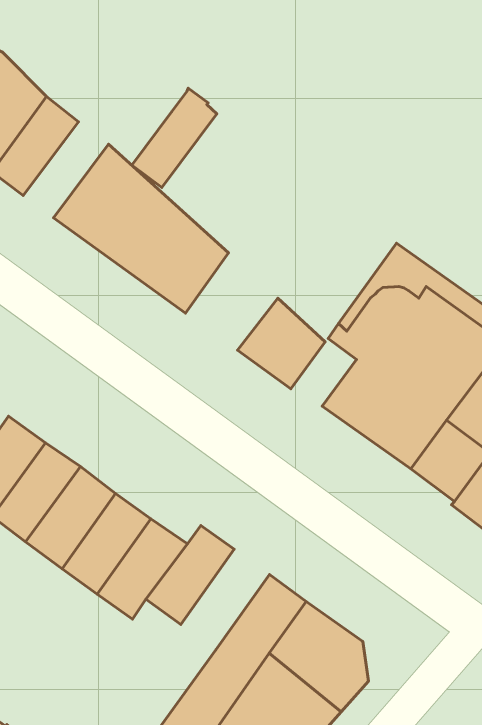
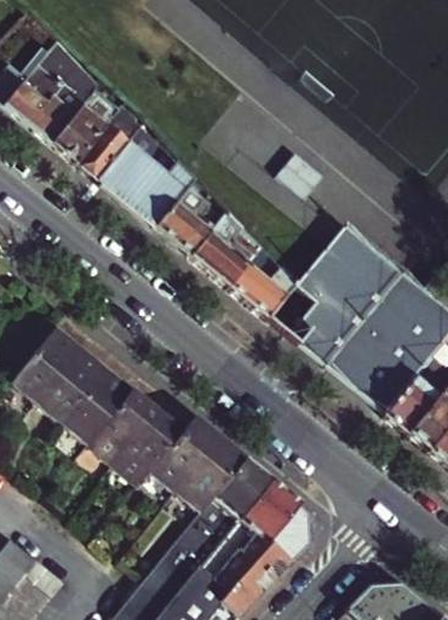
building: [132,88,217,187] -> [74,105,140,179]
building: none -> [191,213,262,287]
building: none -> [174,437,243,512]

